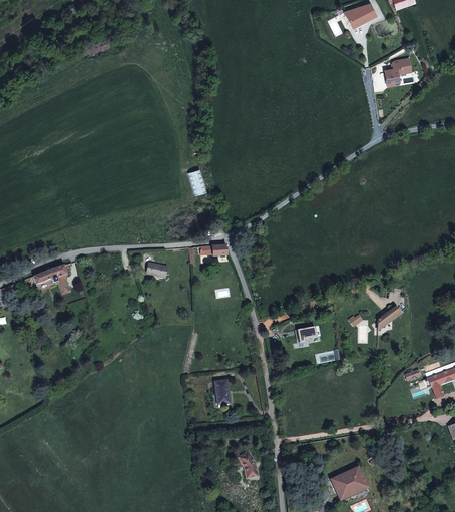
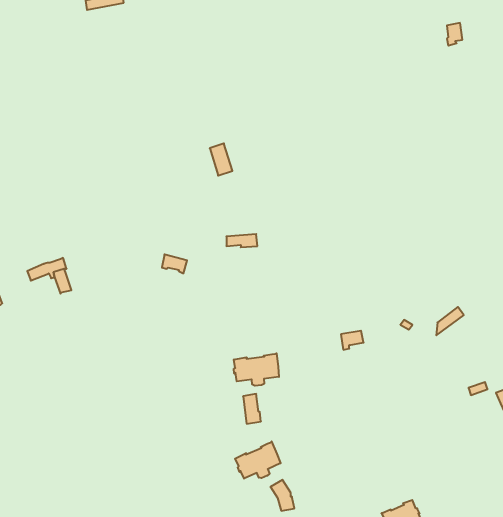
building: none -> [234,353,279,386]
building: none -> [235,441,281,479]

